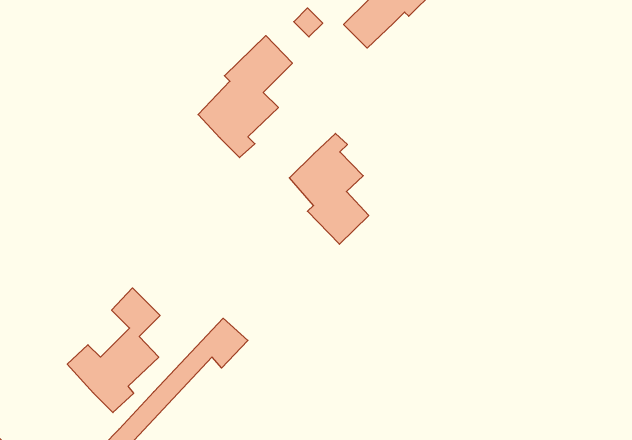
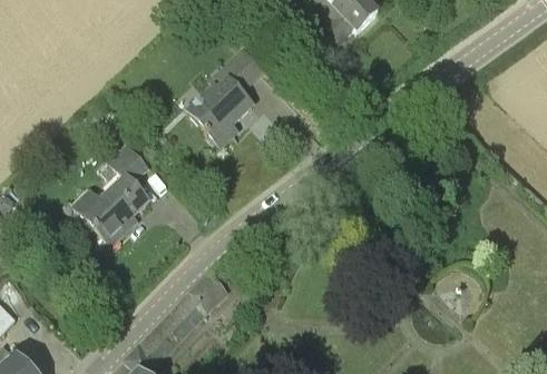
building: [289,133,369,244] -> none
building: [67,288,160,413] -> [75,144,149,244]

